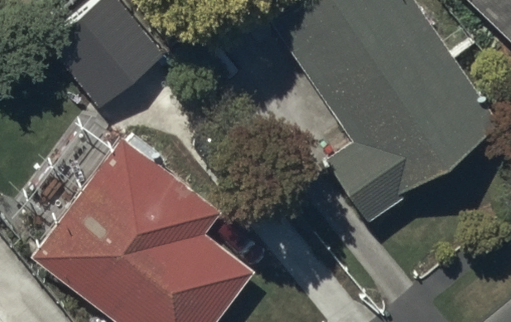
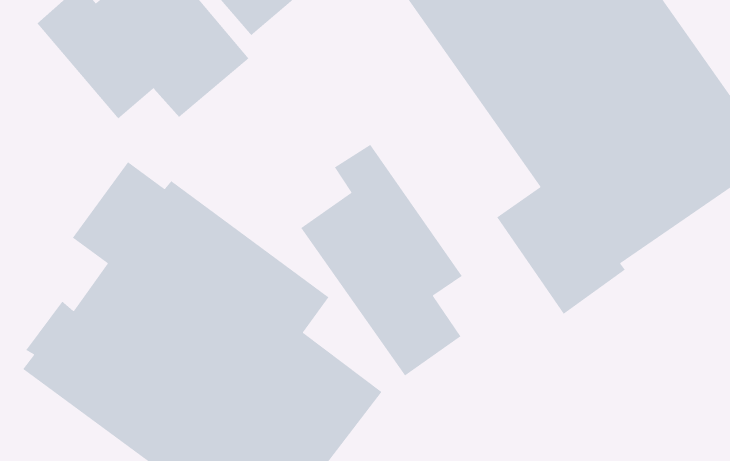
building: none -> [300,144,463,376]

